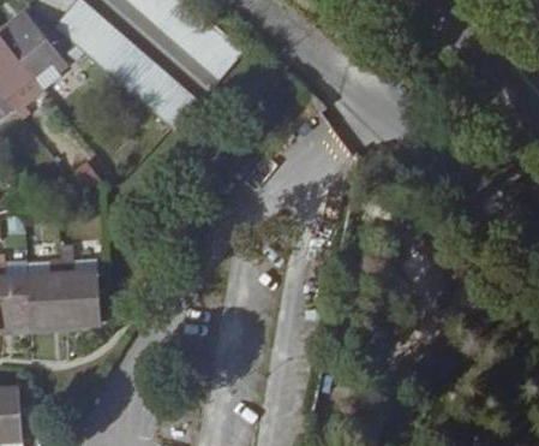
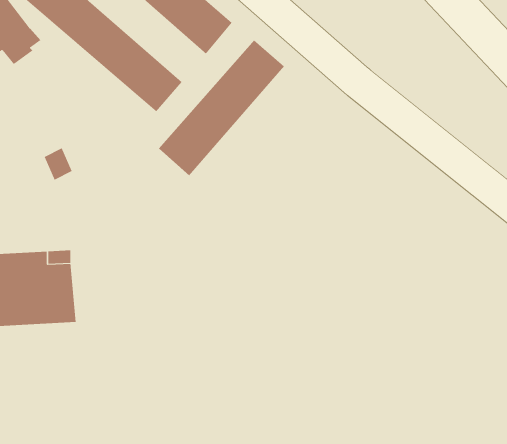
building: none -> [158,39,285,176]

